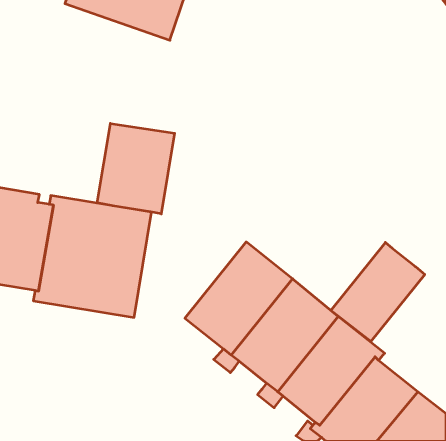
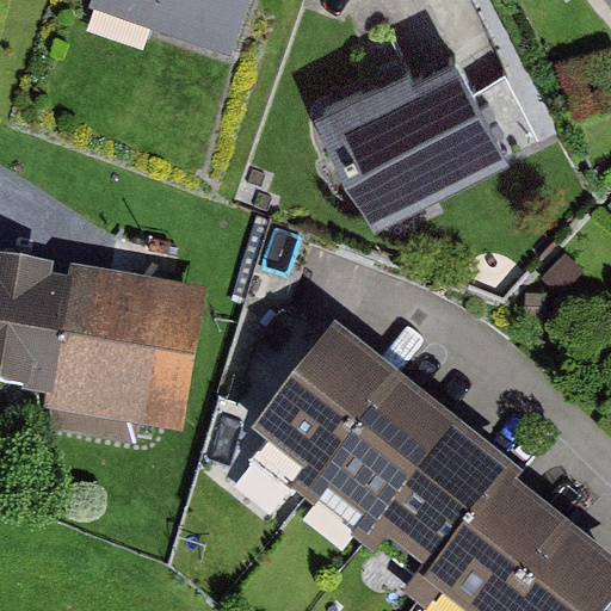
building: none -> [314,43,508,217]
building: [97,123,175,214] -> none
building: [331,242,425,342] -> none

